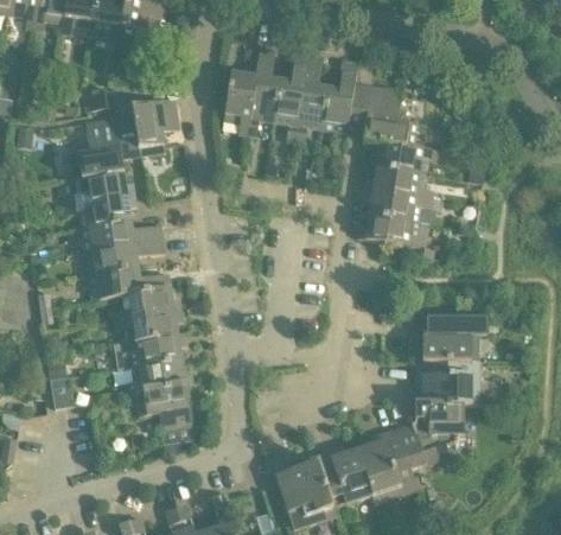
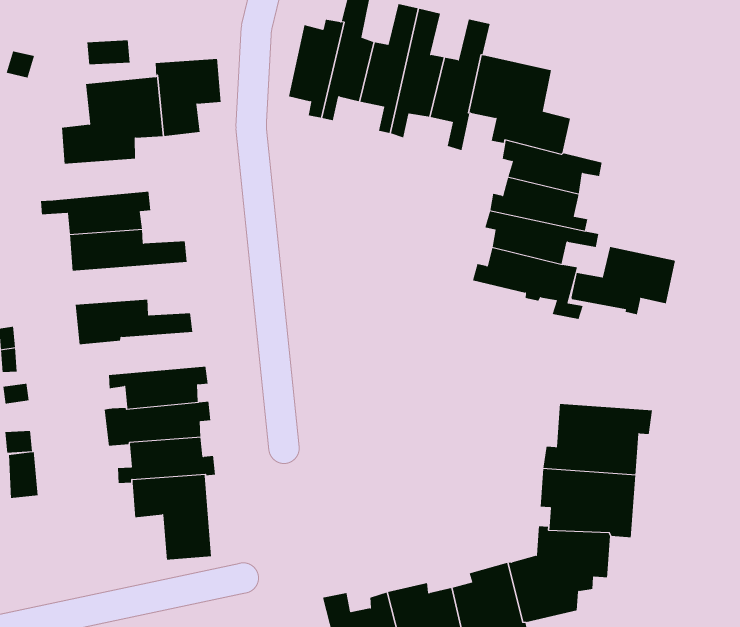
building: [58,171,133,204] -> none
building: none -> [571,246,676,315]
building: [84,238,164,273] -> none
building: [113,286,180,319] -> none

